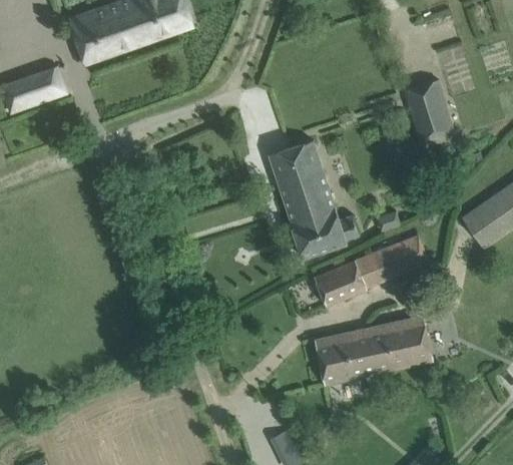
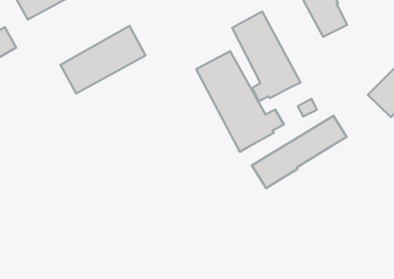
building: none -> [60,26,146,93]
building: none -> [232,12,300,101]
building: [314,316,433,385] -> none

